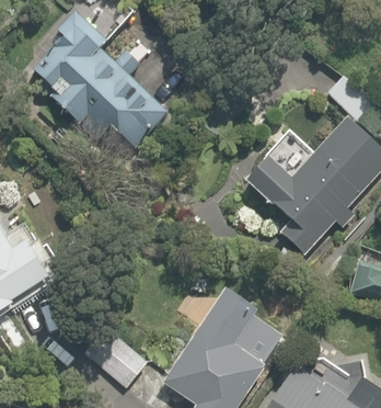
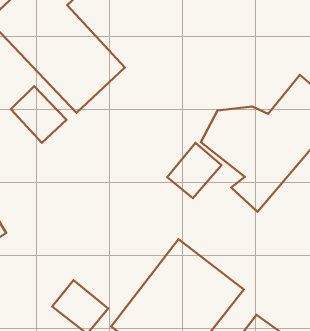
building: none -> [11,86,67,143]
building: none -> [167,143,222,198]

